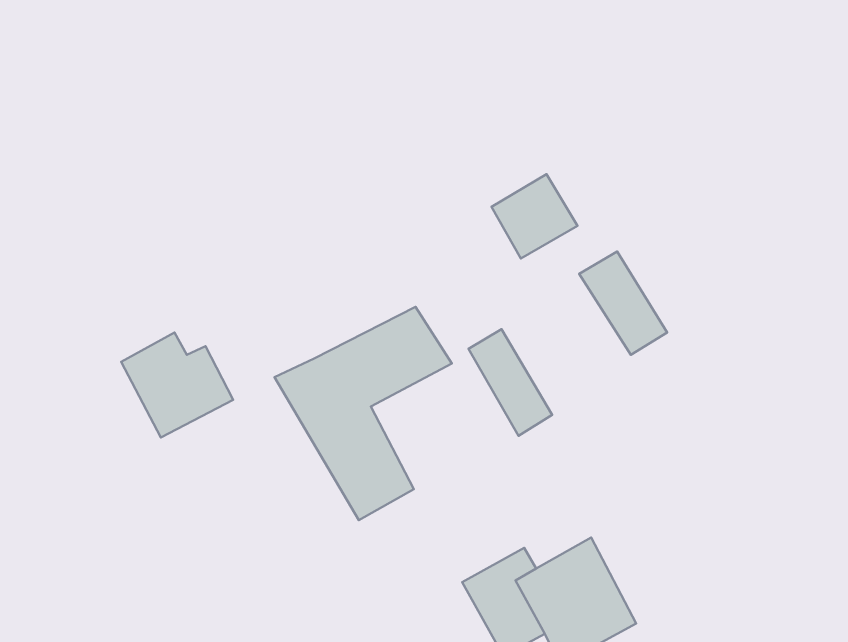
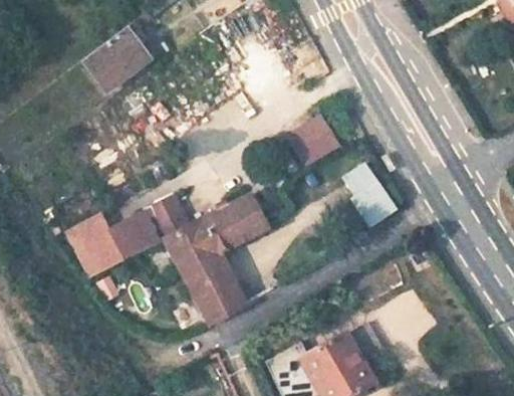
building: none -> [84,30,147,90]
building: none -> [123,196,187,251]
building: [469,329,552,436] -> none

